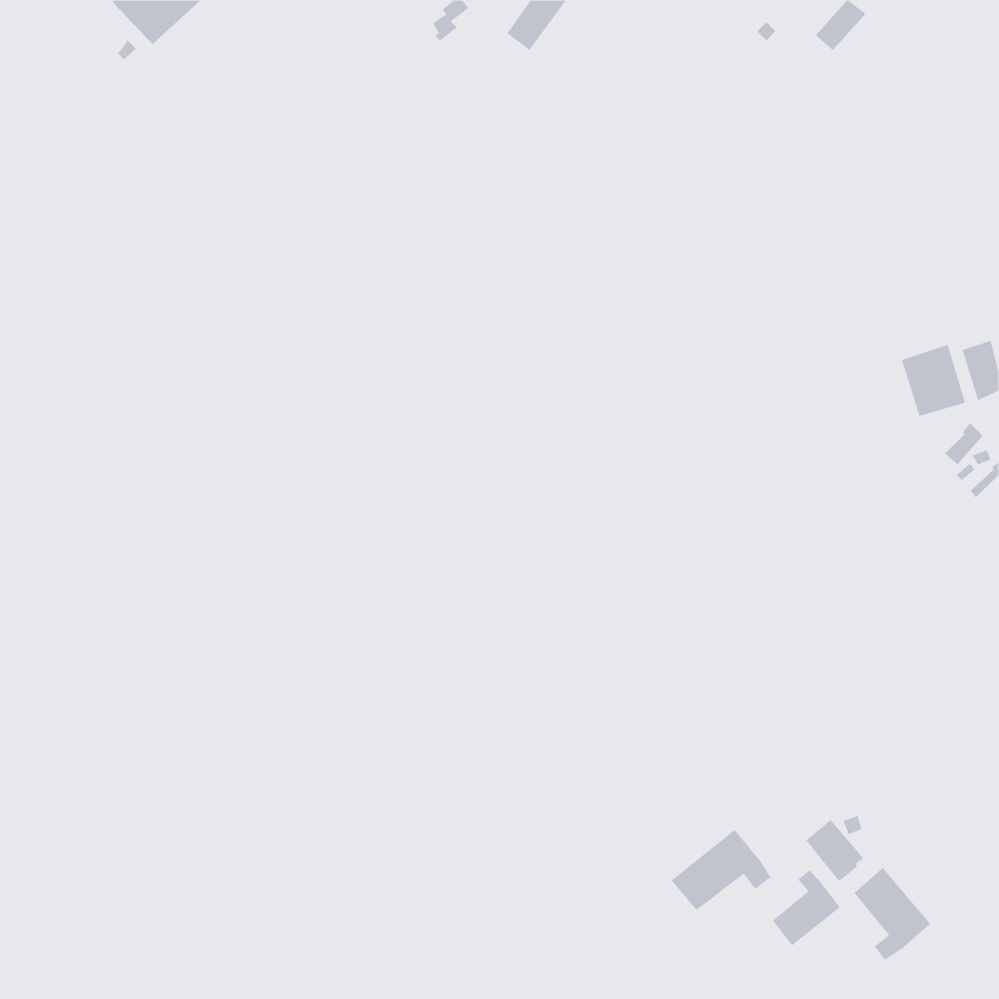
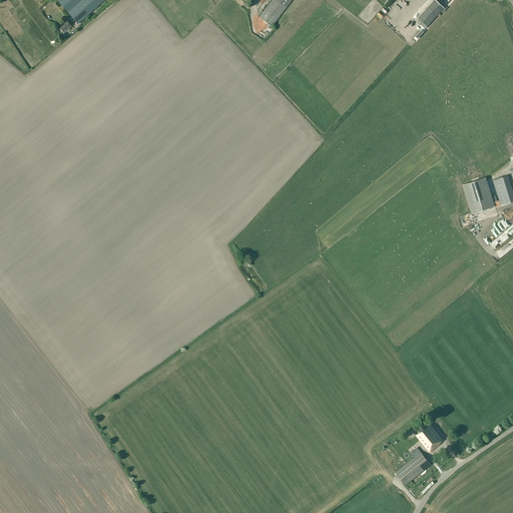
building: [671,829,771,911] -> none
building: [854,867,931,961] -> none

